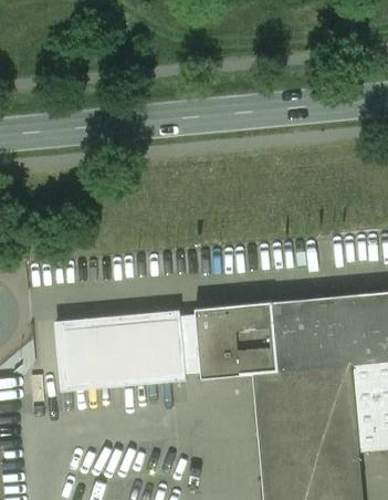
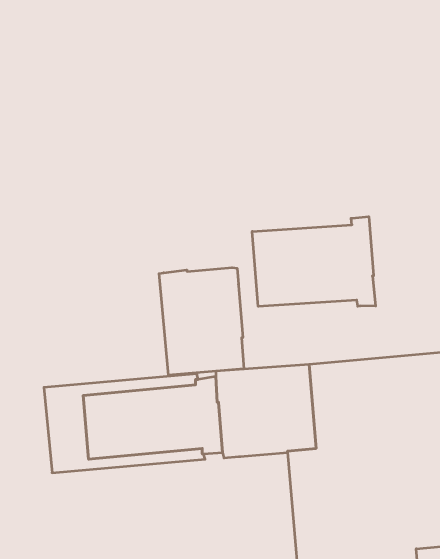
building: none -> [252,217,376,306]
building: none -> [159,268,244,375]

